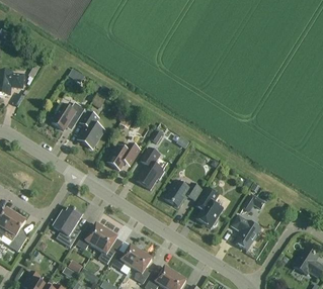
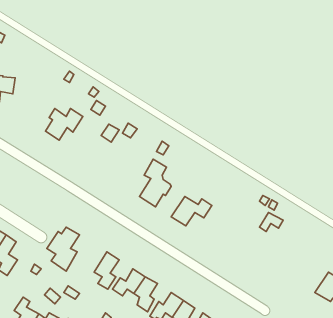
building: [78,111,102,148] -> none
building: [107,142,140,170] -> none
building: [195,187,223,227] -> none
building: [231,214,261,250] -> none
building: [76,223,106,250] -> none

